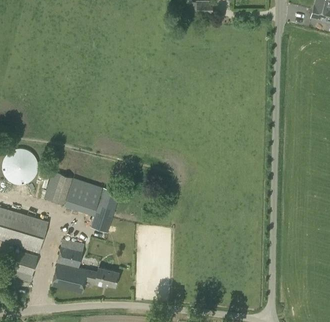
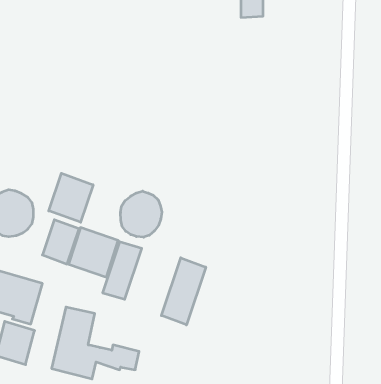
building: none -> [49,173,93,222]
building: none -> [121,191,162,237]
building: none -> [161,258,206,325]

